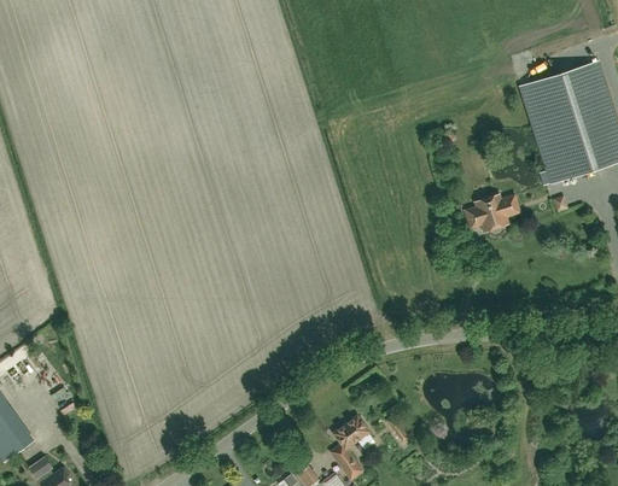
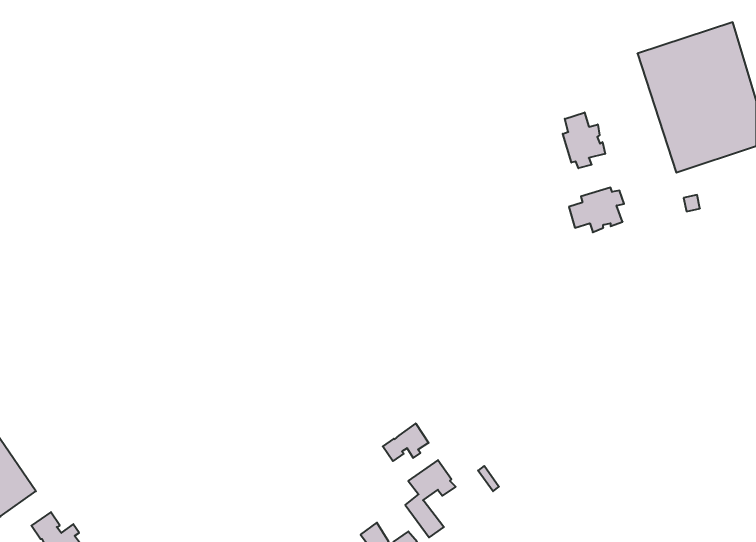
building: none -> [563,112,605,168]
building: none -> [383,423,429,461]

